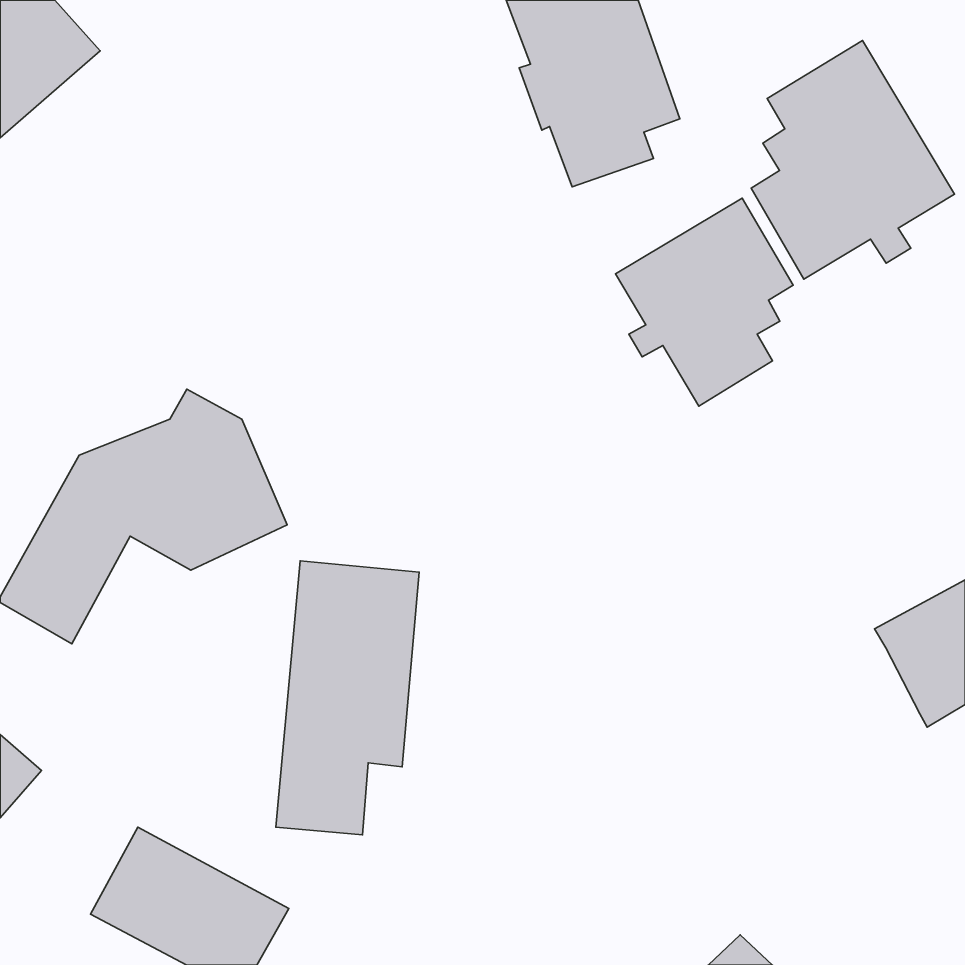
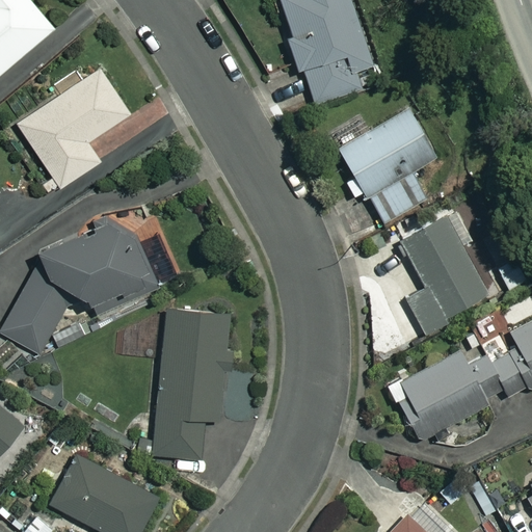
building: [751,40,954,279] -> none
building: none -> [17,69,129,188]
building: none -> [400,216,488,332]
building: none -> [390,349,506,440]

